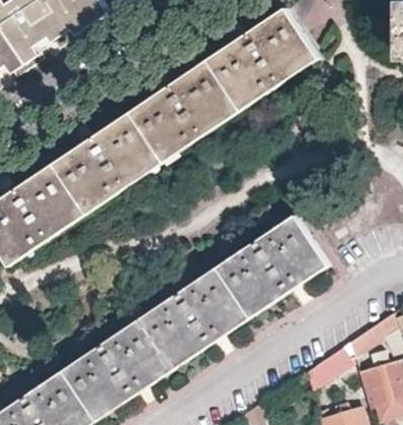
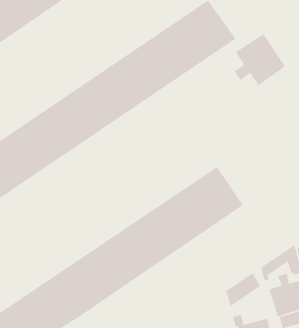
building: none -> [233,34,285,86]

